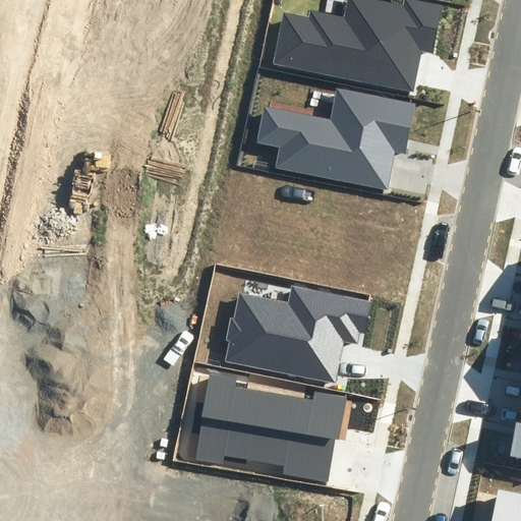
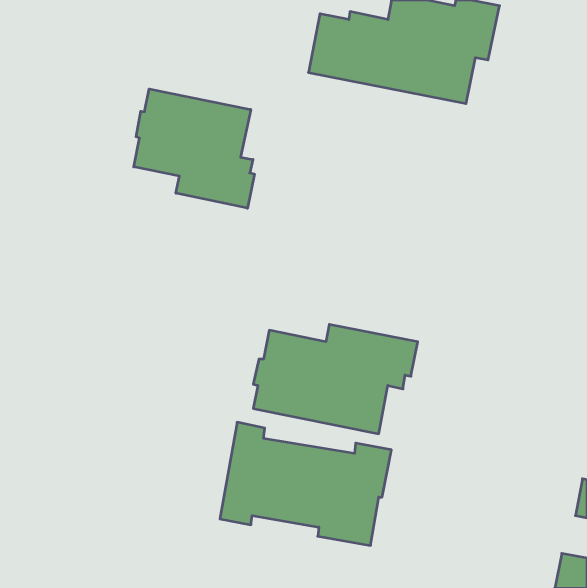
building: none -> [134,89,254,208]
building: [255,88,415,189] -> none

